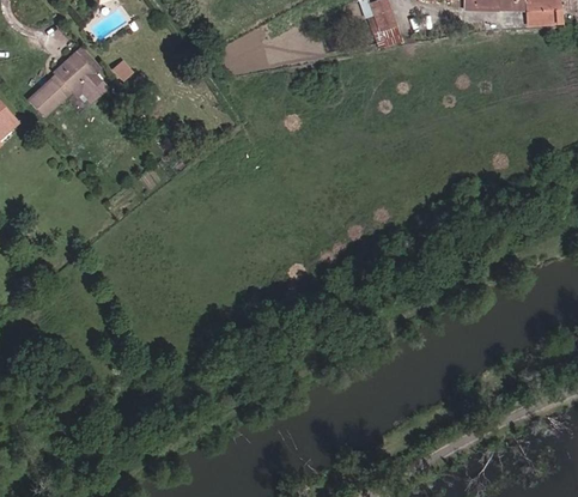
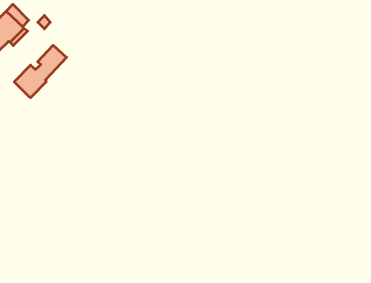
building: none -> [14,45,67,98]

